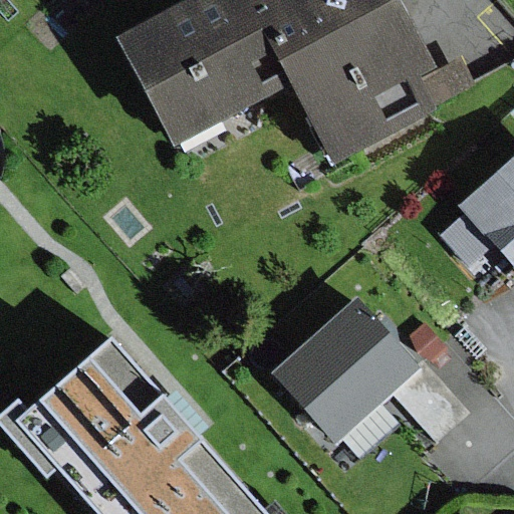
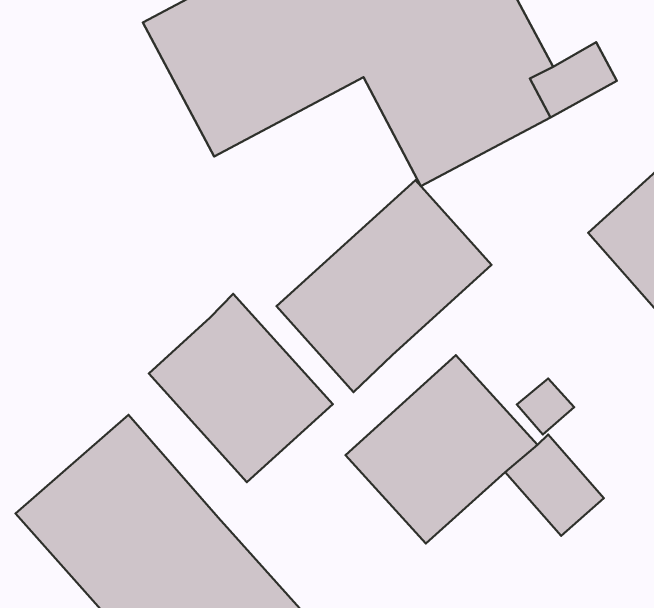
building: none -> [276,180,491,392]
building: none -> [149,294,333,482]

